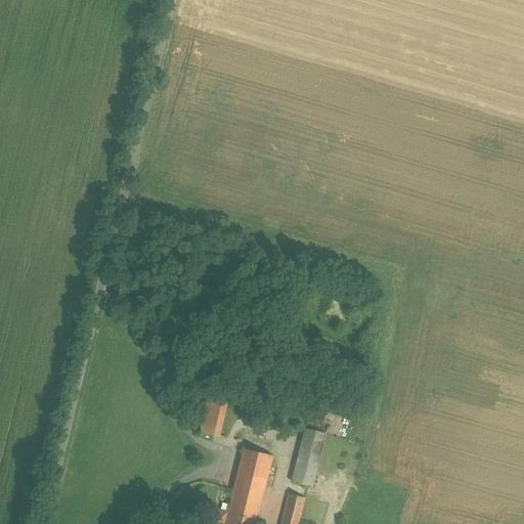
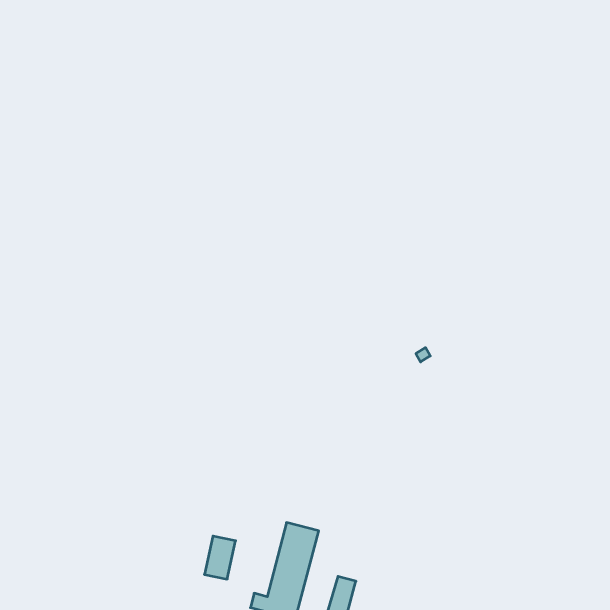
building: [198,399,224,436] -> [204,536,236,579]
building: [291,429,324,486] -> none

